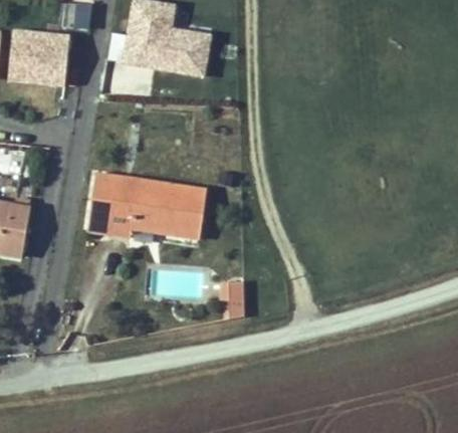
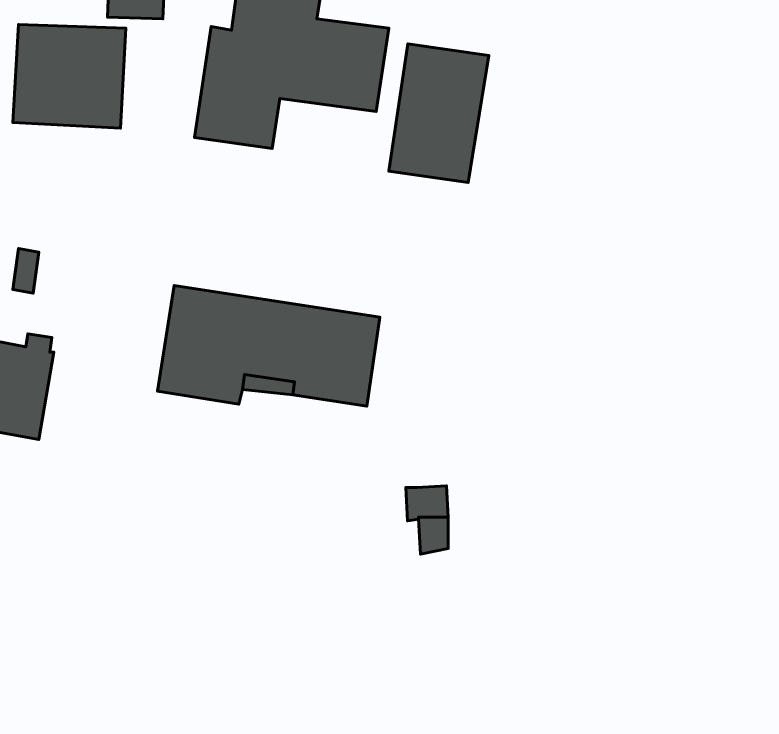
building: none -> [389,44,489,183]

